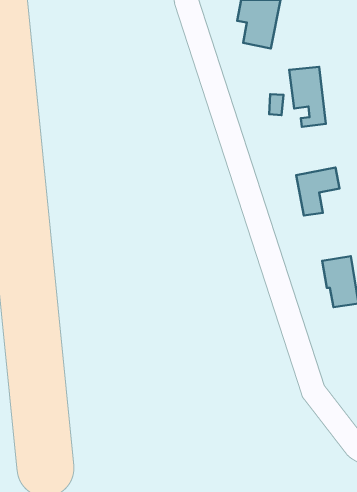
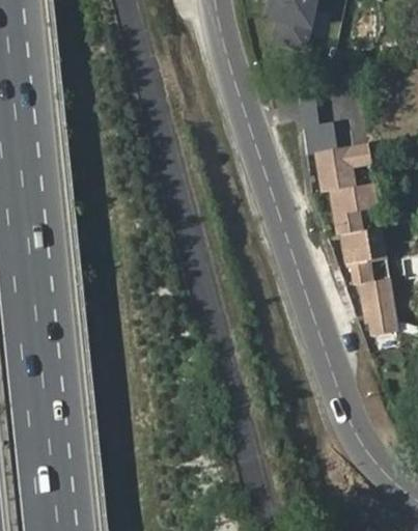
building: none -> [316,143,370,190]
building: none -> [342,226,386,282]

